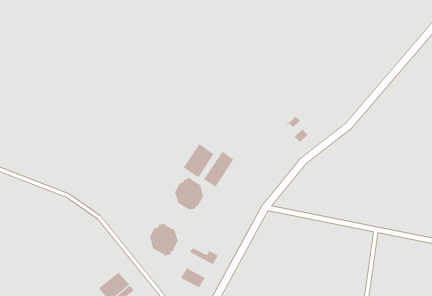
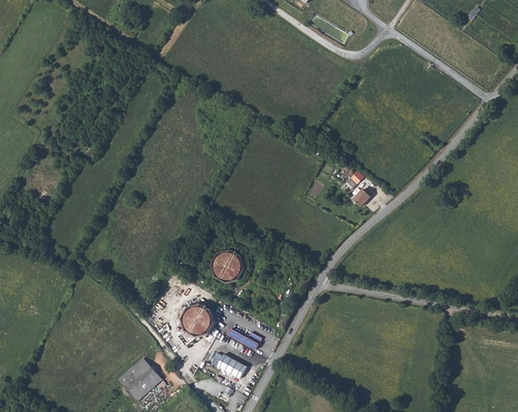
building: [183,143,214,178] -> none
building: [203,151,234,188] -> none

